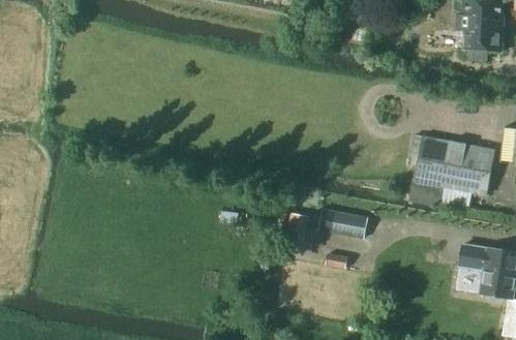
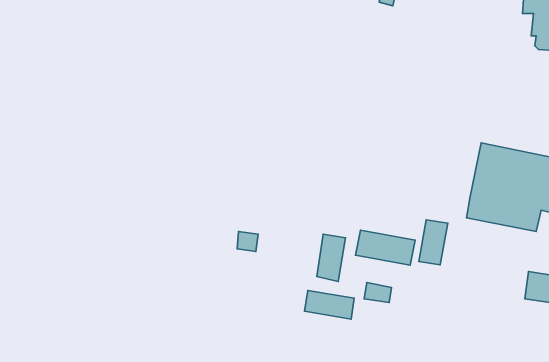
building: none -> [419,220,448,265]
building: none -> [305,291,354,319]

